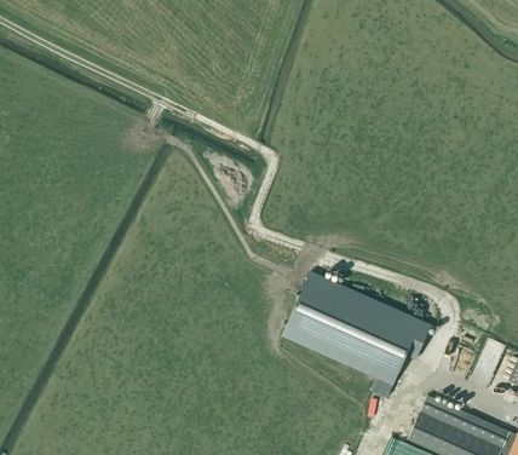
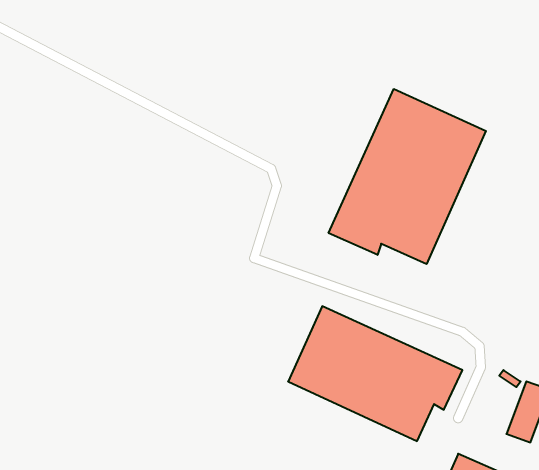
building: none -> [329,89,486,264]

